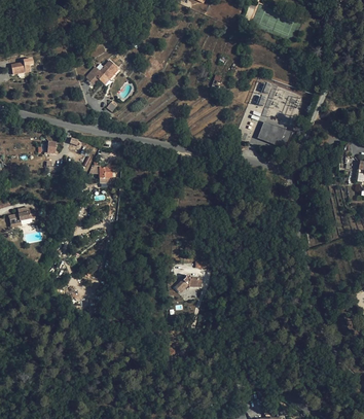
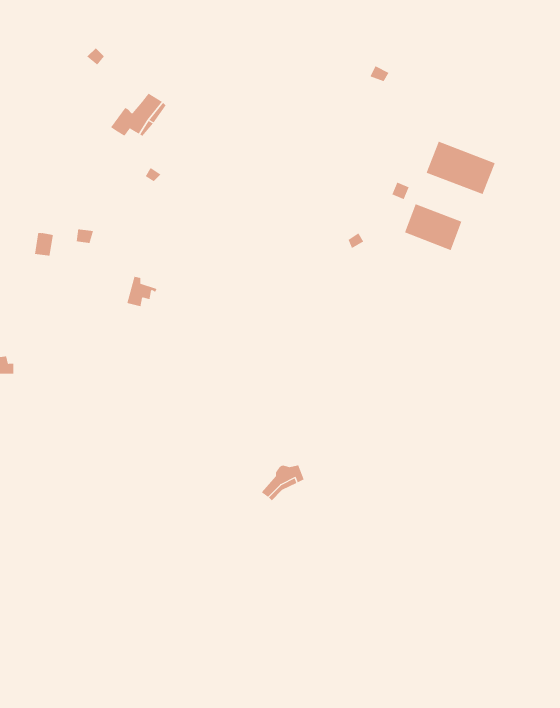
building: none -> [426,141,495,195]

